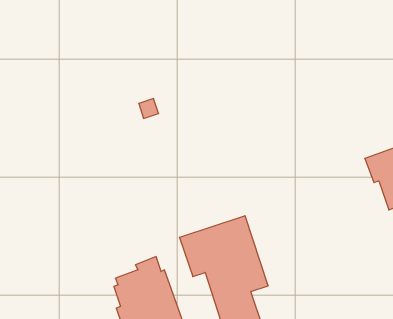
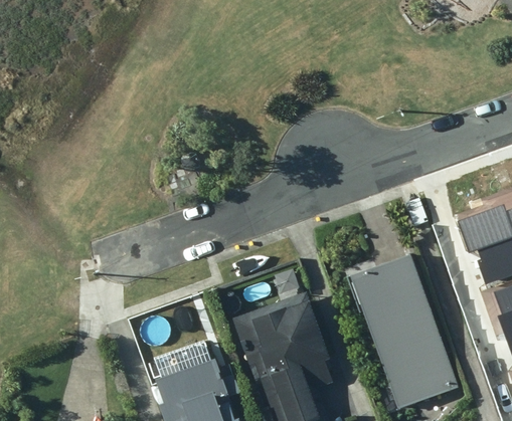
building: none -> [351,256,454,410]

